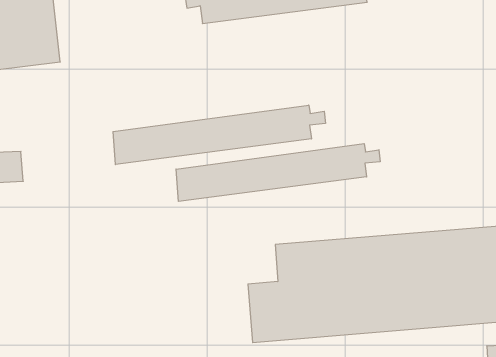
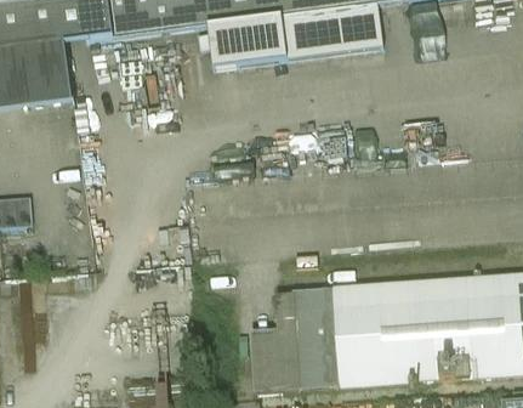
building: [113,105,325,165] -> none
building: [176,144,380,201] -> none

